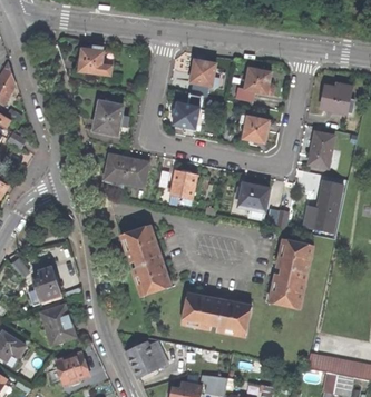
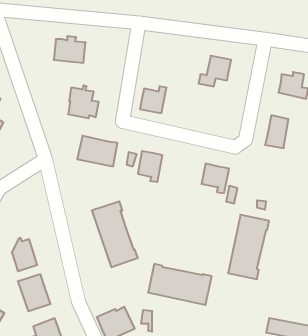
building: [189,59,217,87] -> none
building: [240,115,267,142] -> none
building: [312,180,342,232] -> none

